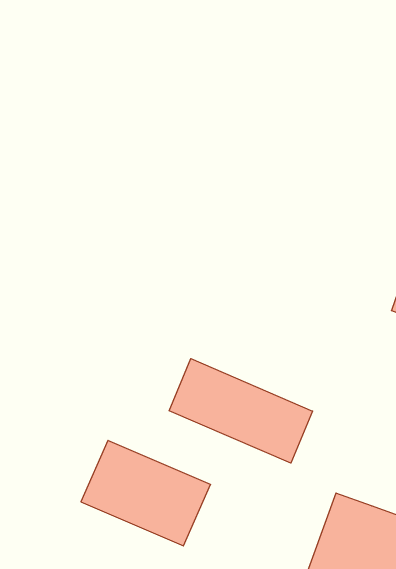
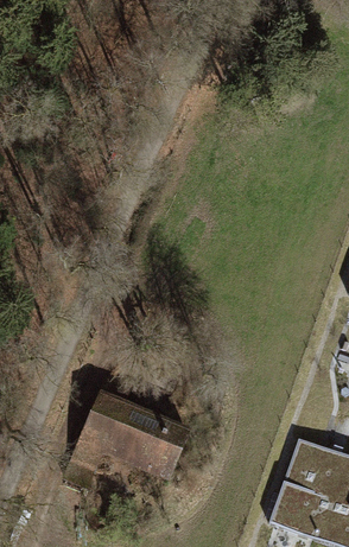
building: [169,359,313,463] -> none

